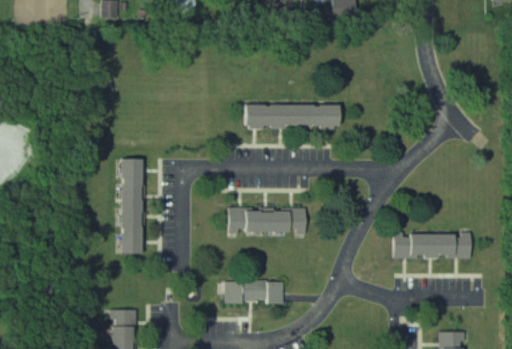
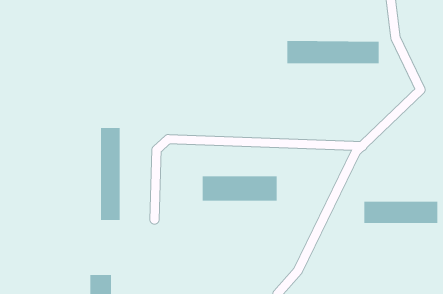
building: [246,104,342,128] -> [287,40,380,64]
building: [223,280,282,303] -> none

